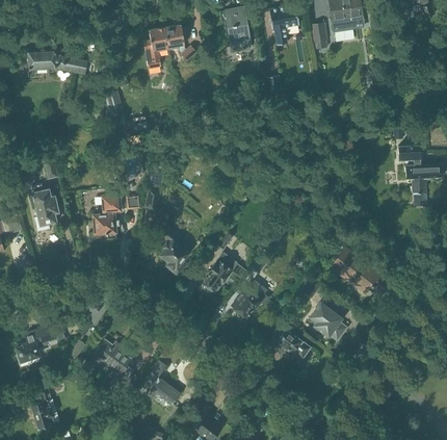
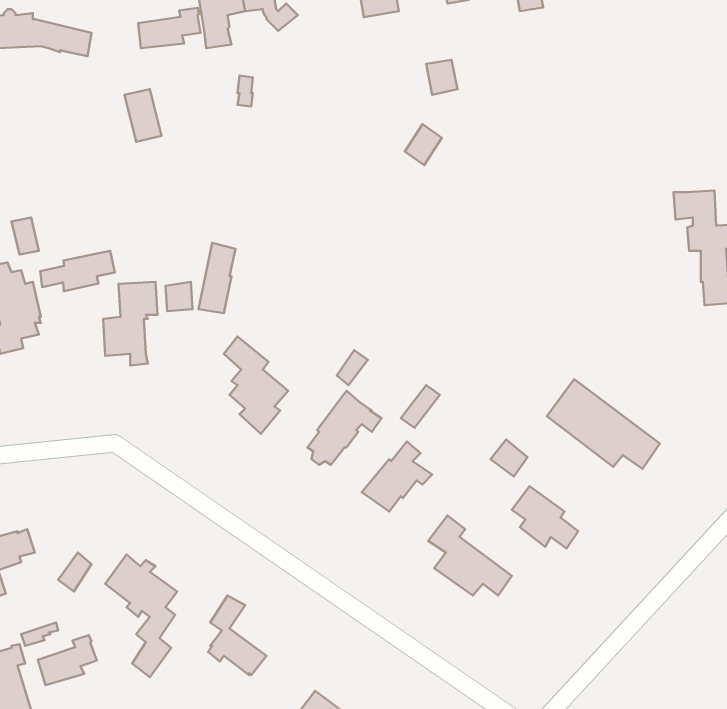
building: none -> [138,8,201,48]
building: none -> [40,251,115,291]
building: none -> [38,635,97,685]

